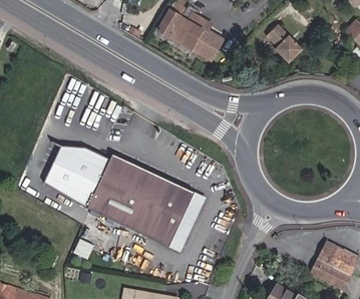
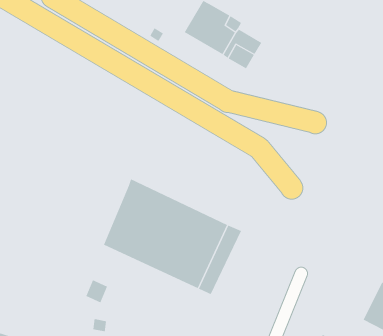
building: [266,24,303,64] -> none
building: [43,145,110,210] -> none

